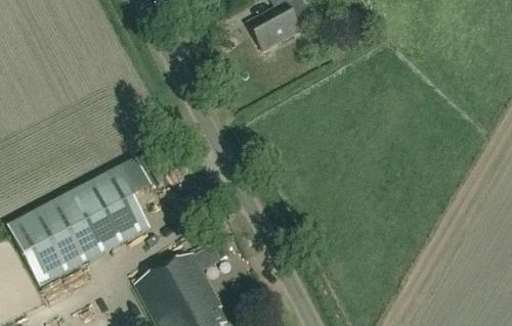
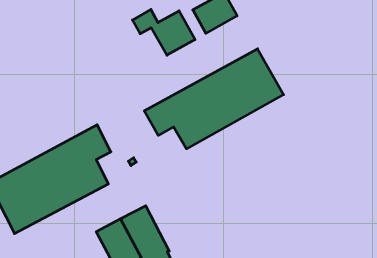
building: none -> [132,9,195,55]
building: none -> [144,49,284,149]

